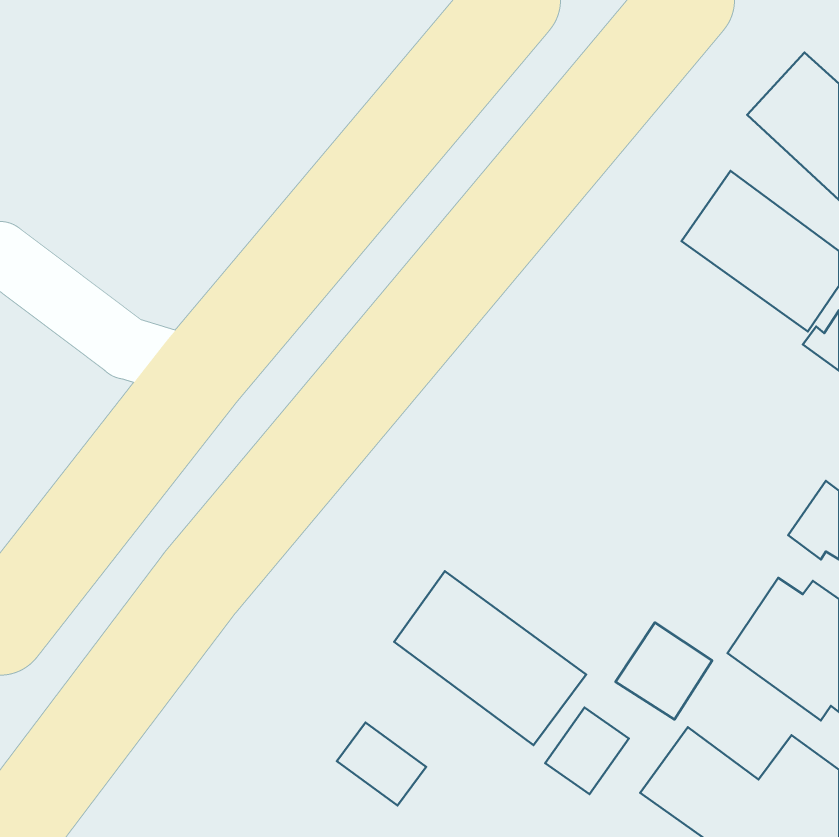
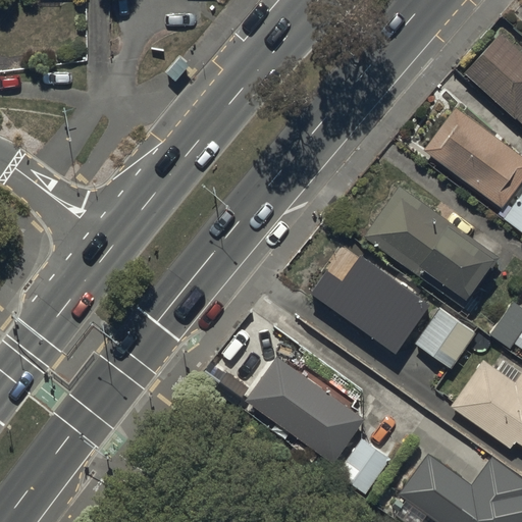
building: none -> [364,188,500,308]
building: none -> [311,255,430,352]
building: [615,623,712,719] -> [414,308,474,368]
building: [337,722,426,806] -> none

